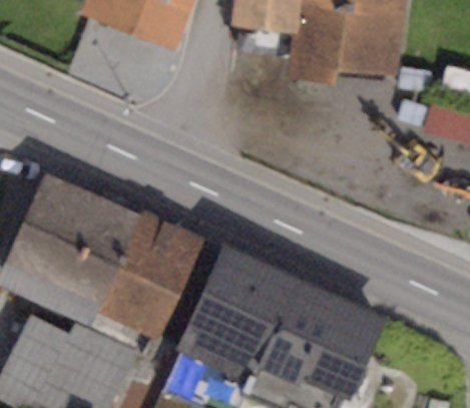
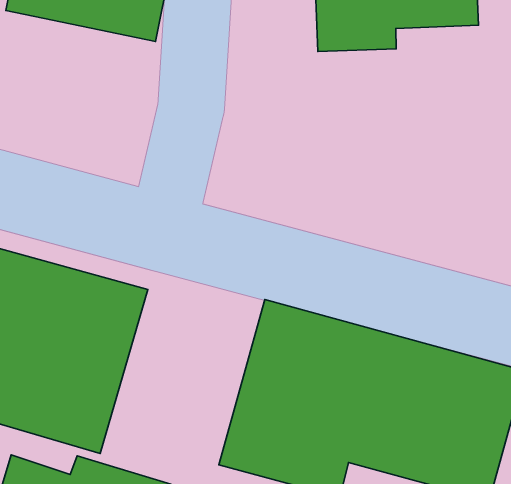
building: [91,216,204,353] -> none

